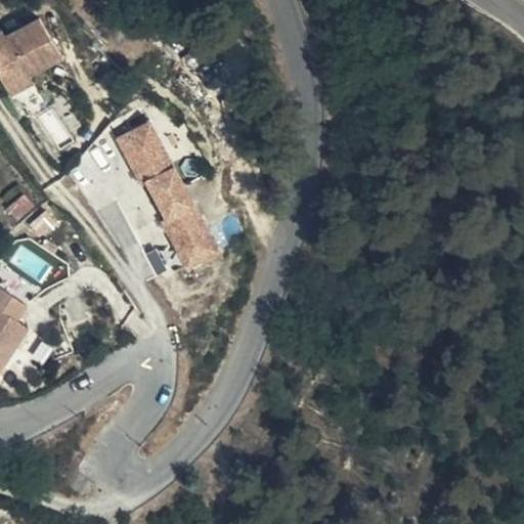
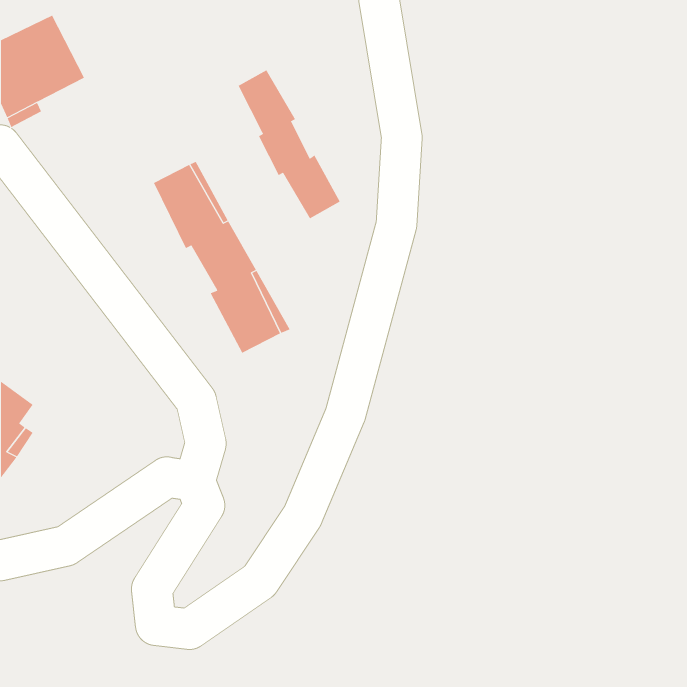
building: none -> [238,70,340,219]

